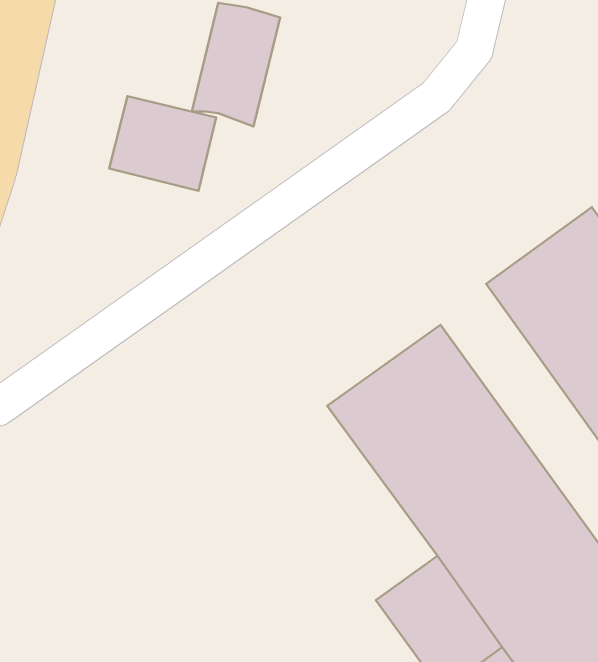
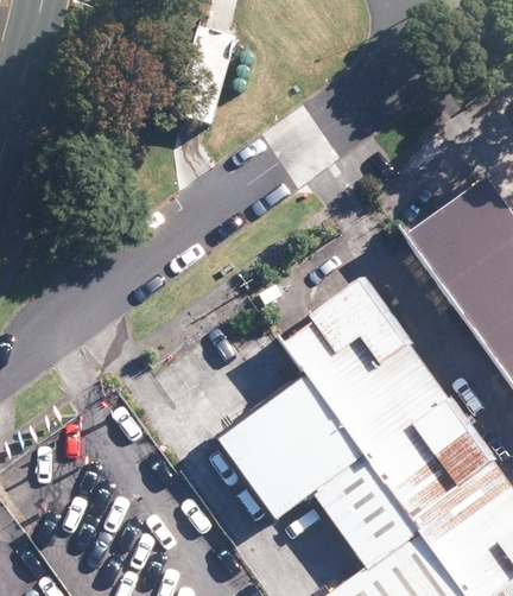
building: [109,96,216,191] -> none
building: none -> [226,386,368,527]

